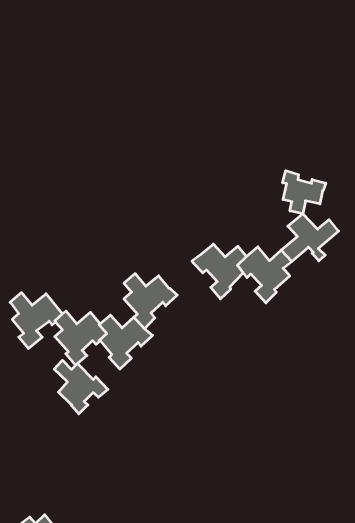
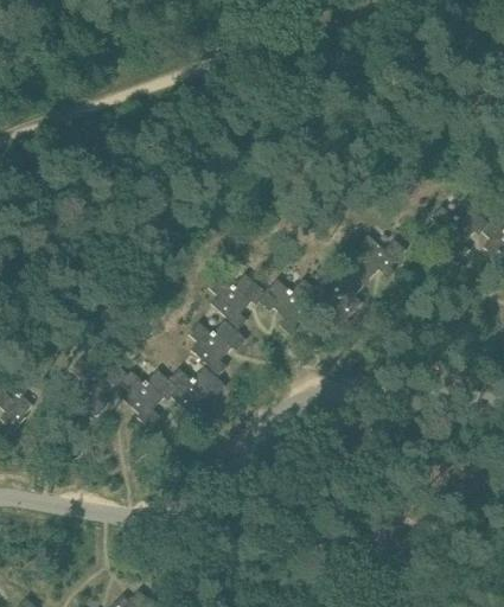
building: [283,171,326,214] -> none
building: none -> [206,273,264,332]
building: [54,360,108,414] -> none

